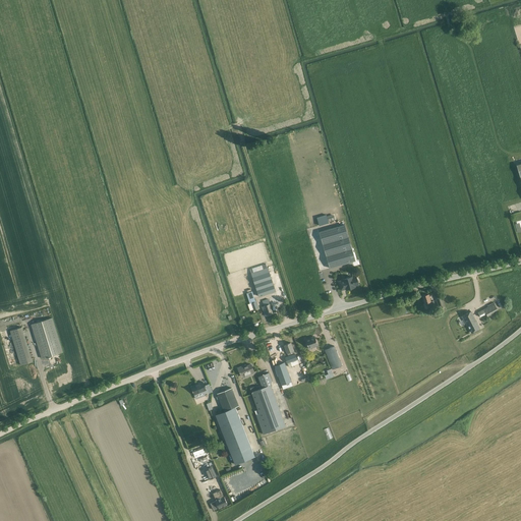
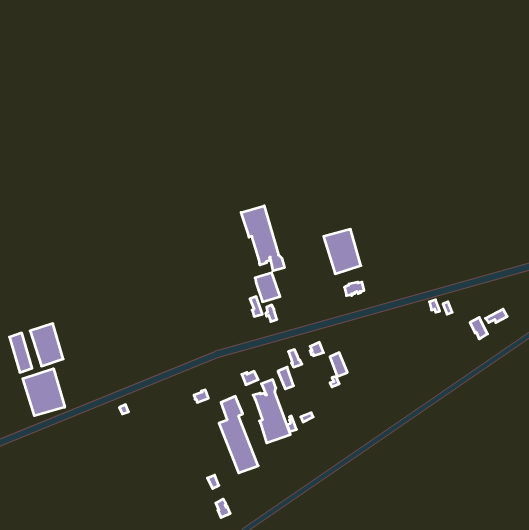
building: none -> [241,206,284,271]
building: none -> [23,369,65,416]

